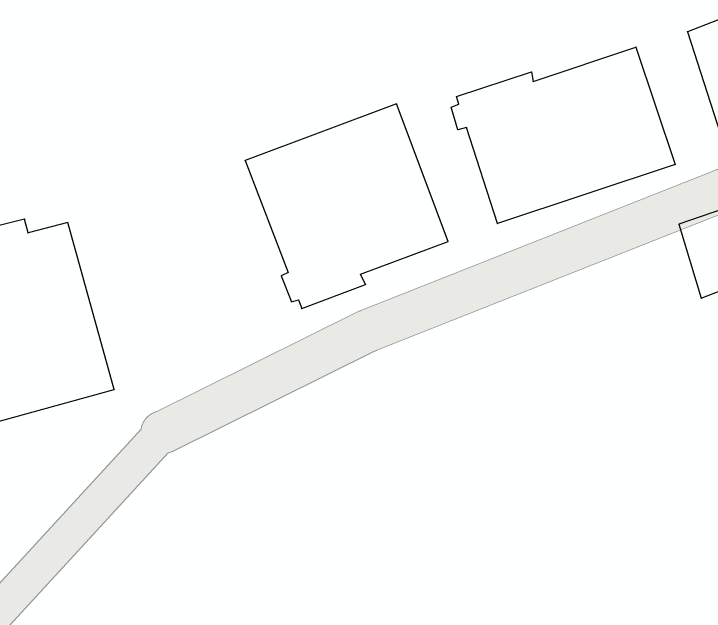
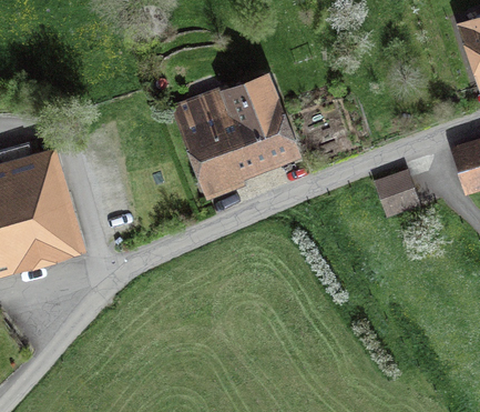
building: [451,47,675,224] -> none
building: none -> [374,170,420,218]

